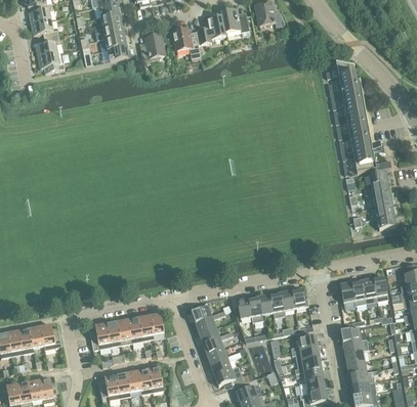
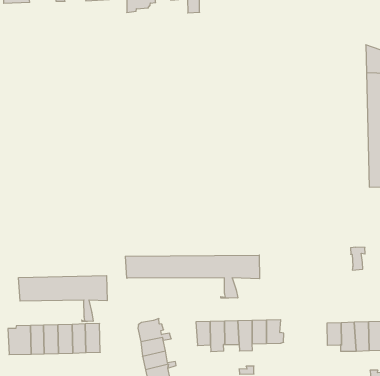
building: none -> [125,255,260,298]
building: none -> [19,276,107,322]

